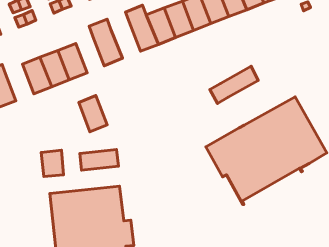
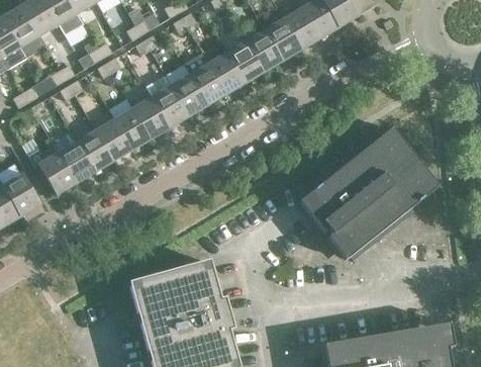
building: none -> [171,73,208,115]
building: none -> [58,141,95,183]
building: [210,66,258,103] -> none
building: [79,95,107,132] -> [133,96,170,139]
building: [80,149,119,170] -> none
building: [41,150,63,177] -> none

